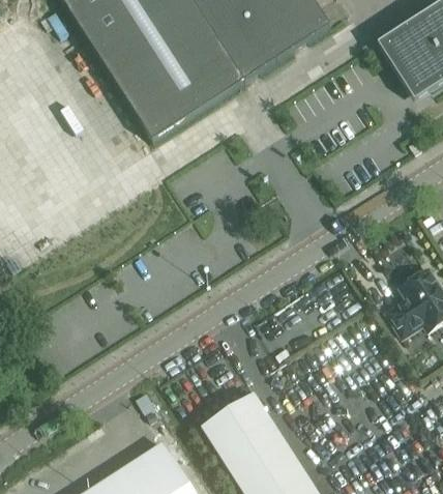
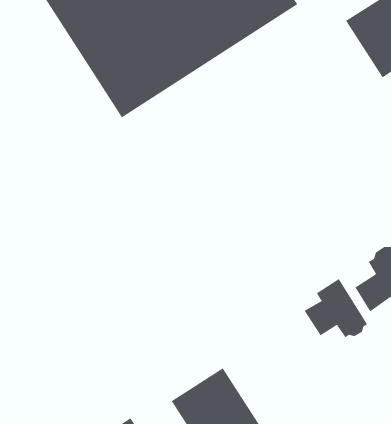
building: none -> [304,278,368,338]

